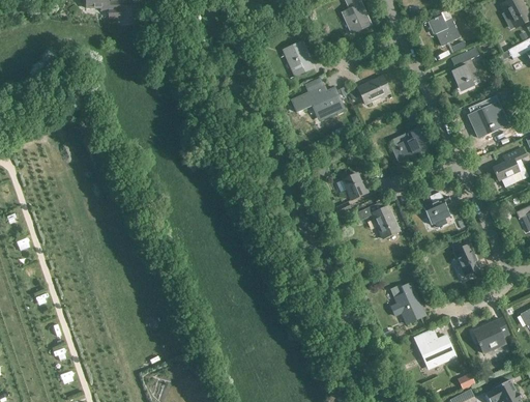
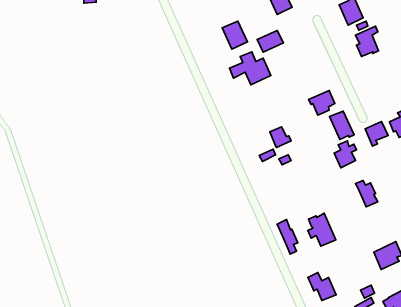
building: [357,77,390,104] -> [257,31,284,52]
building: [469,107,498,138] -> [365,122,388,146]
building: none -> [330,111,354,139]
building: [372,206,400,239] -> none
building: none -> [277,220,298,254]
building: [420,329,455,365] -> [308,273,336,301]

